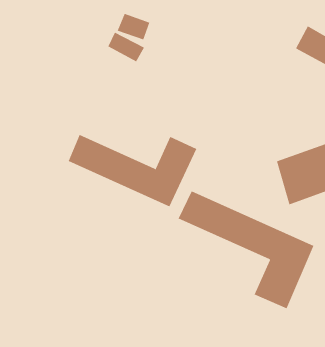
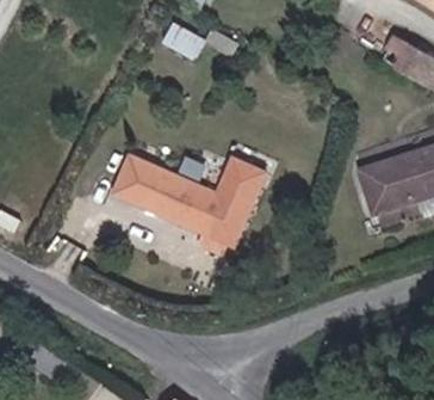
building: [178,190,314,309] -> none

